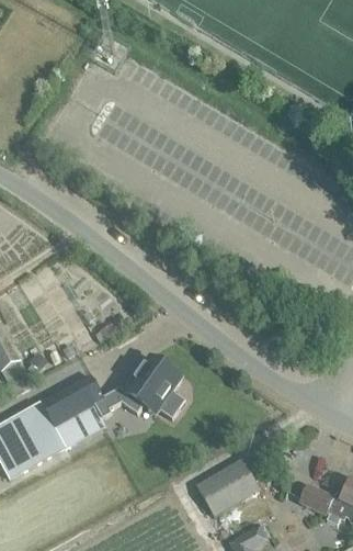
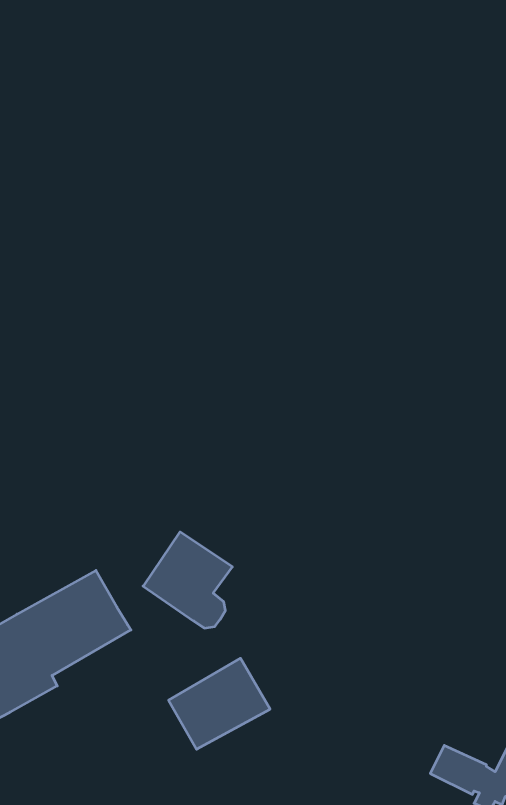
building: [196,460,260,517] -> [169,658,270,749]

